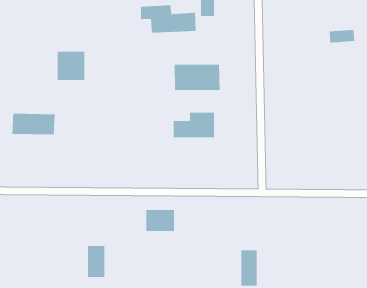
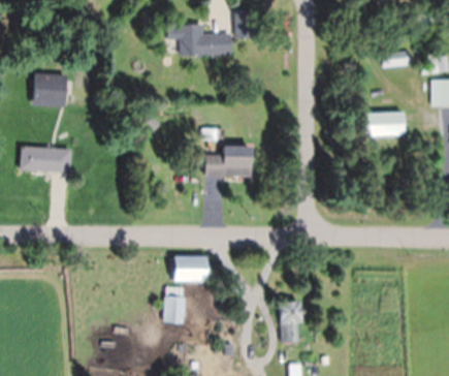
building: [57,51,85,80] -> [34,73,66,106]
building: [174,64,220,91] -> none
building: none -> [363,113,405,136]
building: [87,246,105,277] -> [164,287,185,323]

